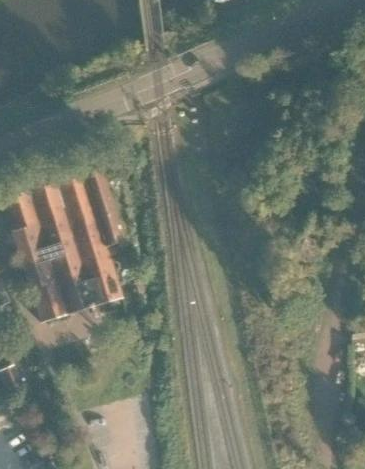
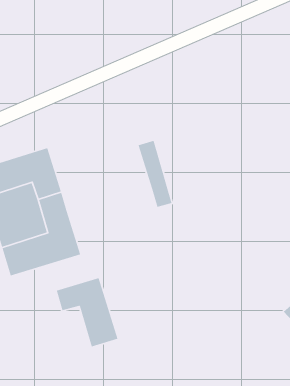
building: [84,168,124,246] -> [138,140,173,208]
building: none -> [56,277,118,348]

